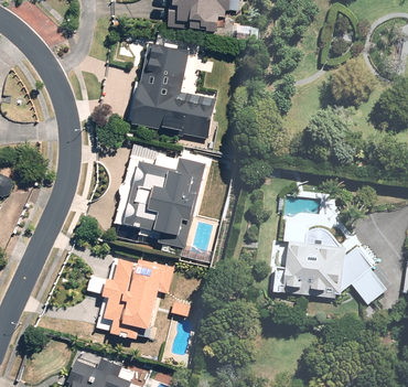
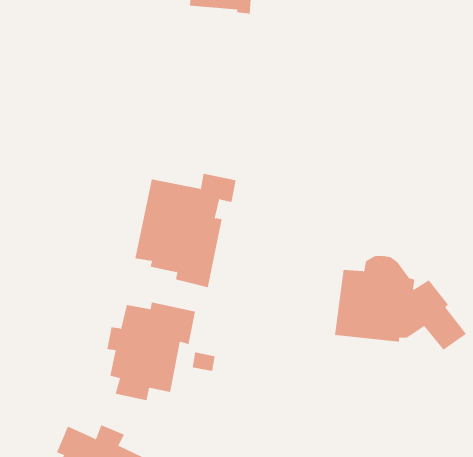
building: [131,42,214,137] -> none

